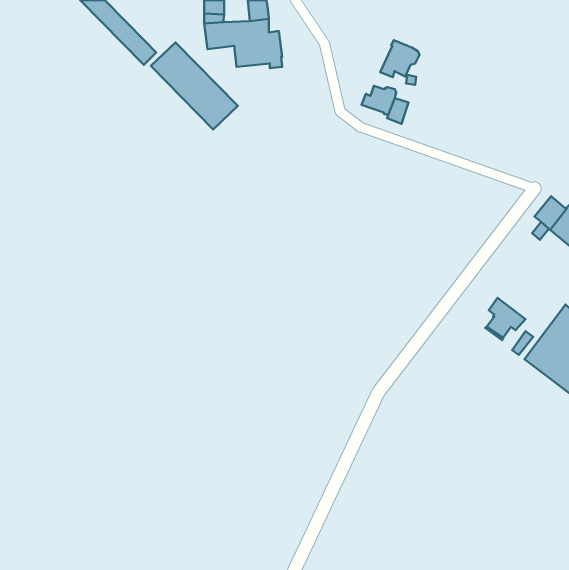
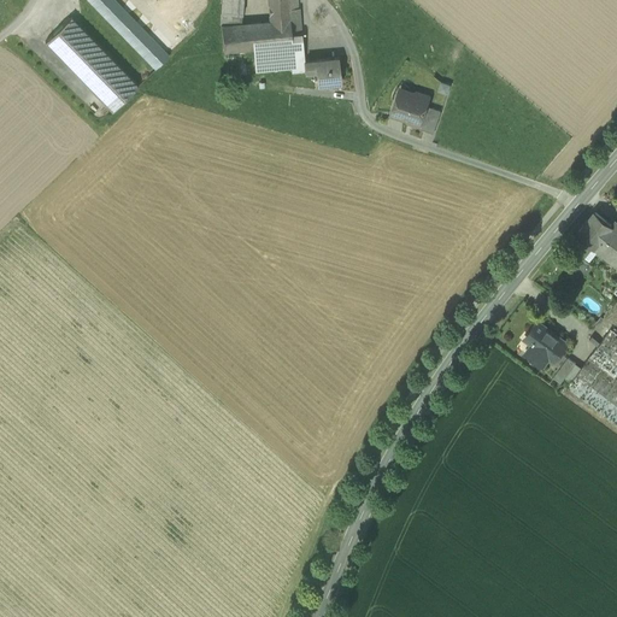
building: [380,40,420,77] -> none
building: [151,42,238,129] -> [46,18,140,112]
building: none -> [305,58,341,86]

